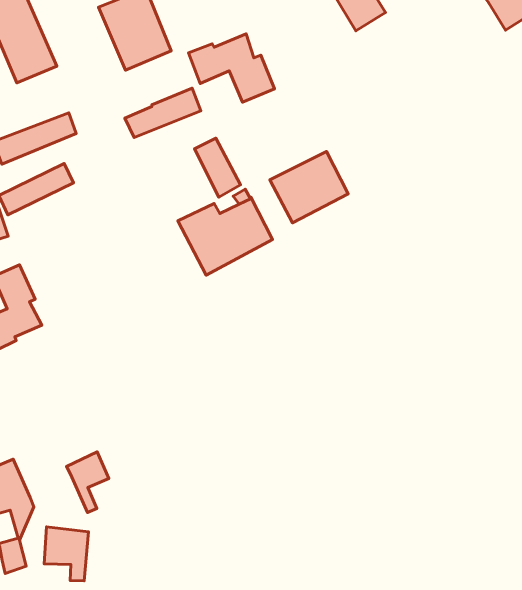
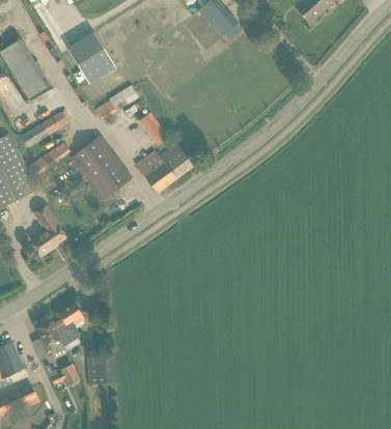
building: [188,34,275,102] -> none
building: [270,152,348,223] -> none
building: none -> [69,134,132,201]
building: [66,452,109,512] -> [58,304,84,340]

